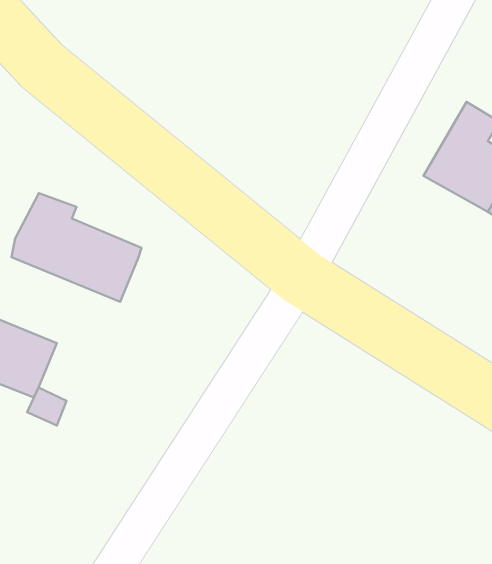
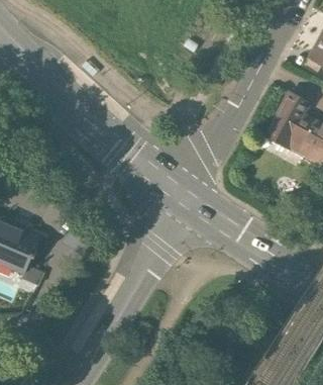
building: [11,193,141,302] -> none

